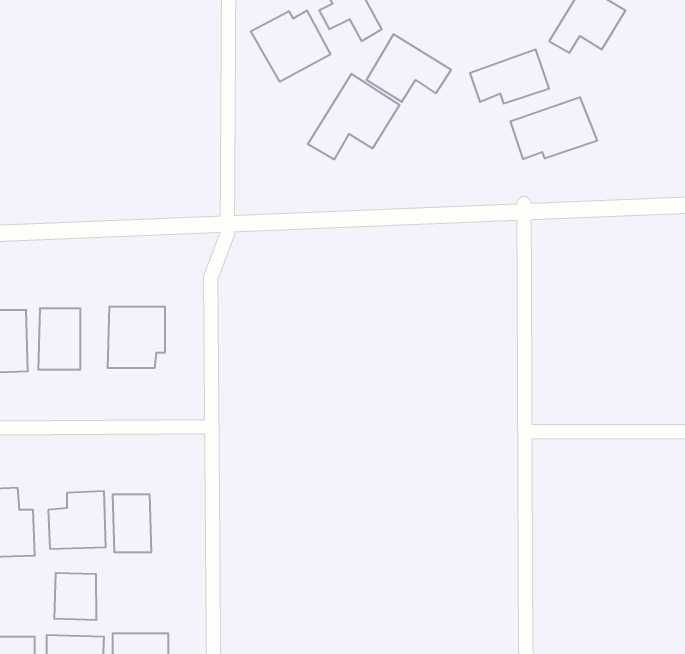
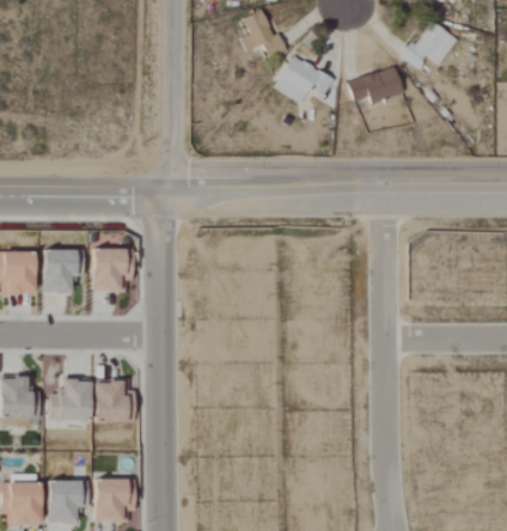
building: [251,10,330,82] -> none
building: [308,74,399,160] -> none
building: [510,97,597,159] -> none
building: [54,573,96,620] -> none

